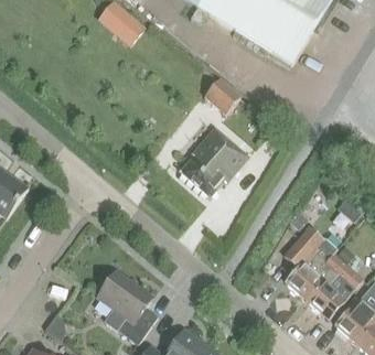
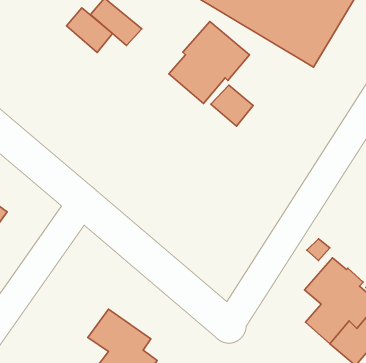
building: none -> [67,8,112,53]
building: [179,127,248,197] -> [169,21,250,103]

